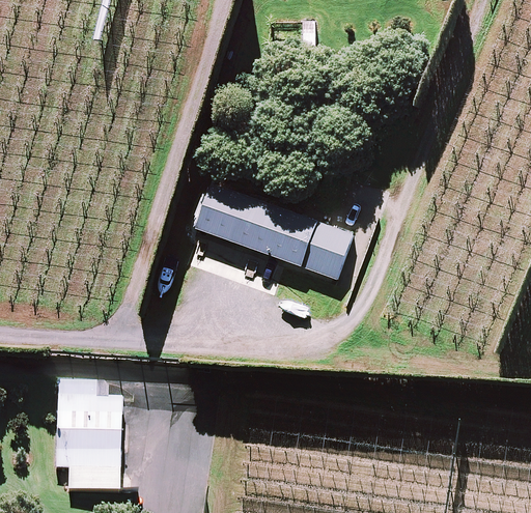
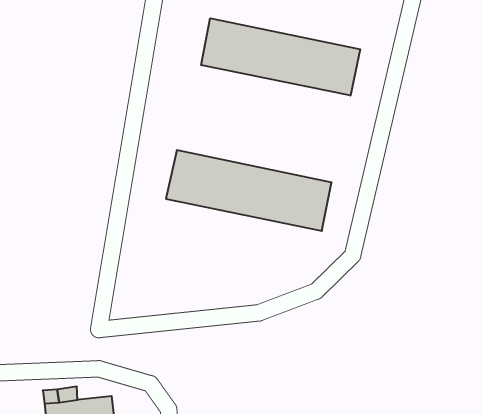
building: none -> [201,18,360,96]

